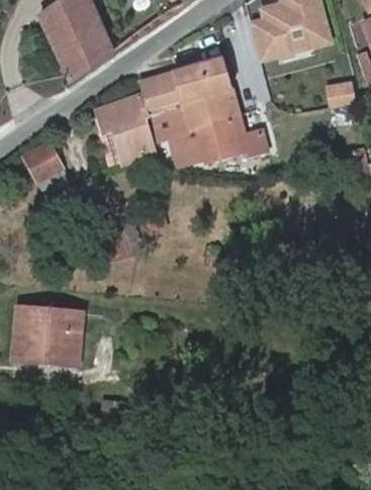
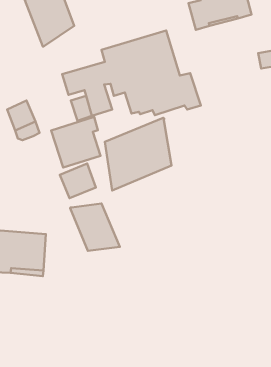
building: none -> [51,117,101,167]
building: none -> [105,118,171,190]
building: none -> [70,203,120,251]

